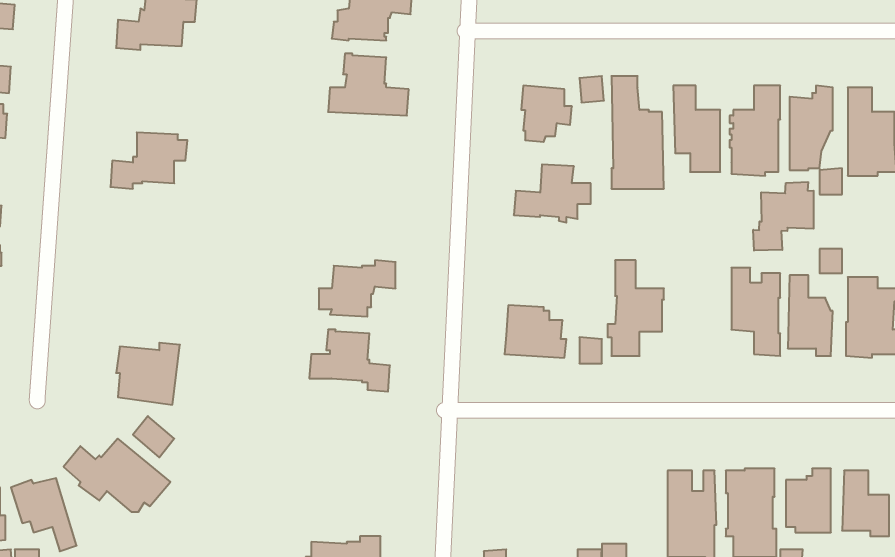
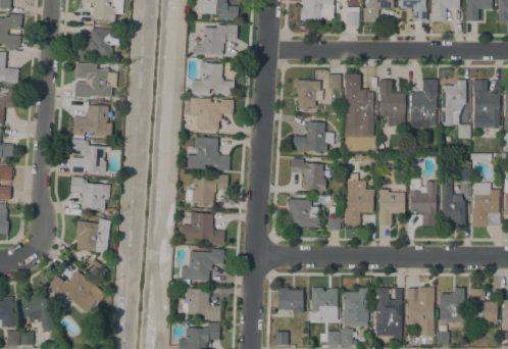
building: none -> [74,63,116,100]
building: none -> [189,98,234,131]
building: [753,182,814,251] -> none
building: none -> [185,138,230,171]
building: none -> [70,139,106,173]
building: none -> [291,158,325,191]
building: none -> [70,178,110,211]
building: none -> [378,190,404,226]
building: none -> [179,249,224,284]
building: none -> [183,288,220,321]
building: none -> [277,288,303,313]
building: none -> [343,288,368,327]
building: none -> [308,289,337,321]

